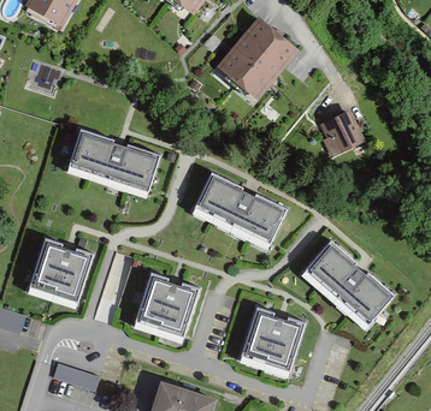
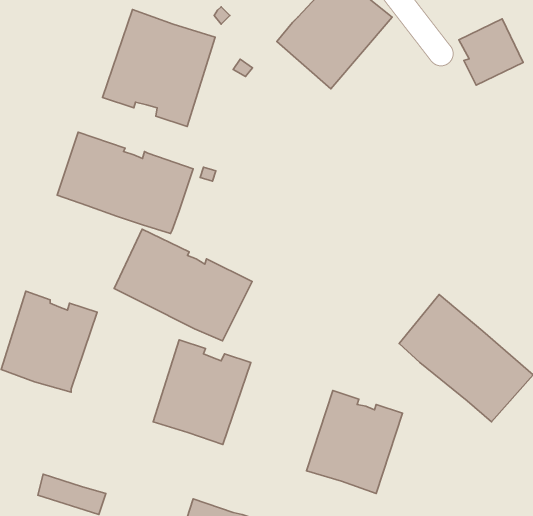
building: none -> [103,10,215,126]
building: [319,109,364,155] -> [459,19,523,85]
building: [191,172,287,249] -> [114,229,252,341]

